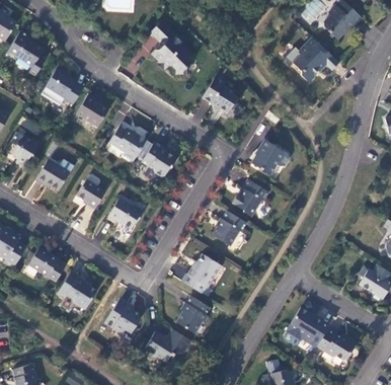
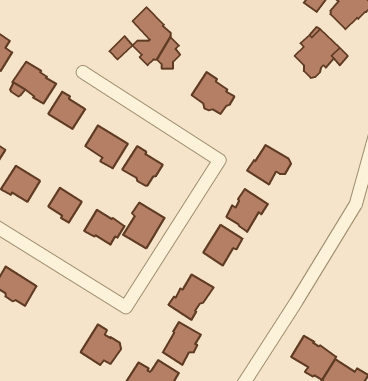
building: none -> [123,203,165,248]
building: [58,270,96,308] -> none

